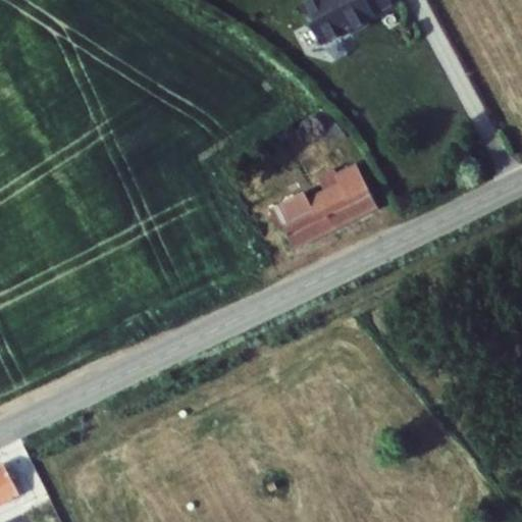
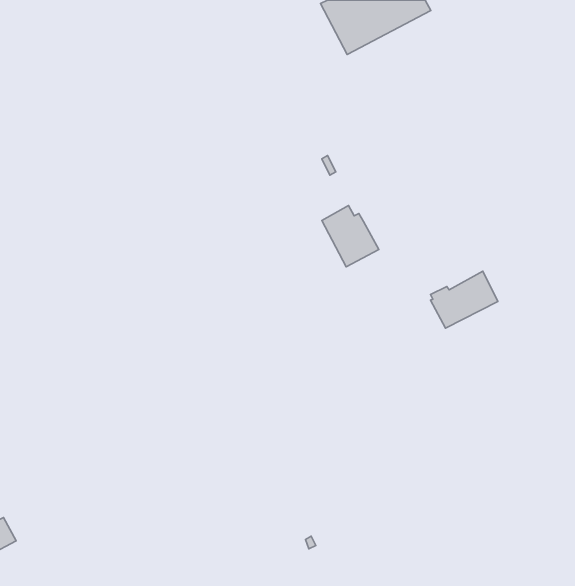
building: [319,175,378,225] -> [430,271,498,328]

